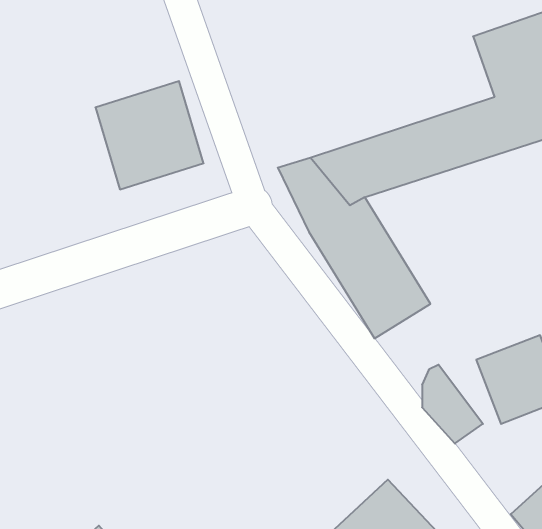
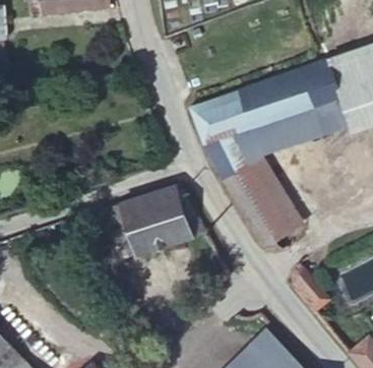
building: none -> [189,60,338,141]
building: [95,81,204,189] -> [123,186,190,253]

